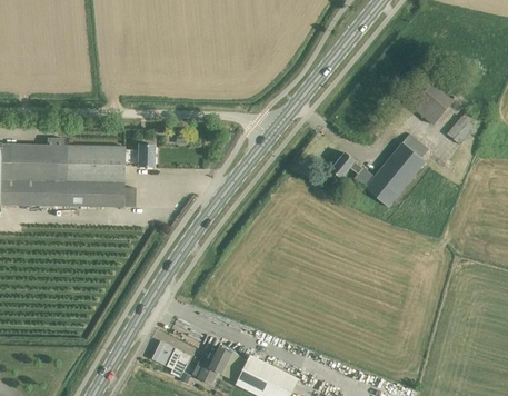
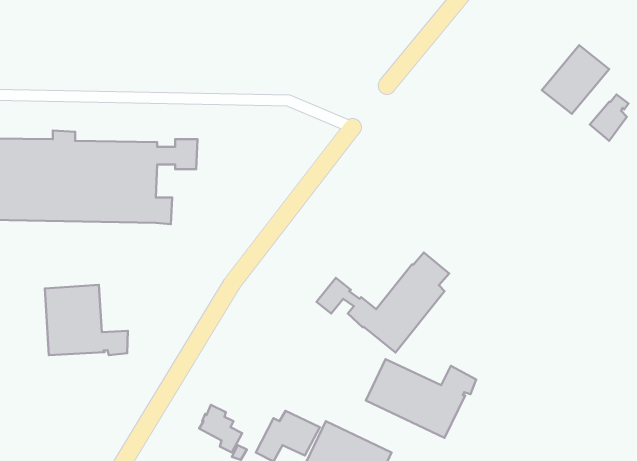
building: [329,132,428,207] -> [316,252,449,352]
building: none -> [45,285,128,355]
building: none -> [366,359,476,438]

